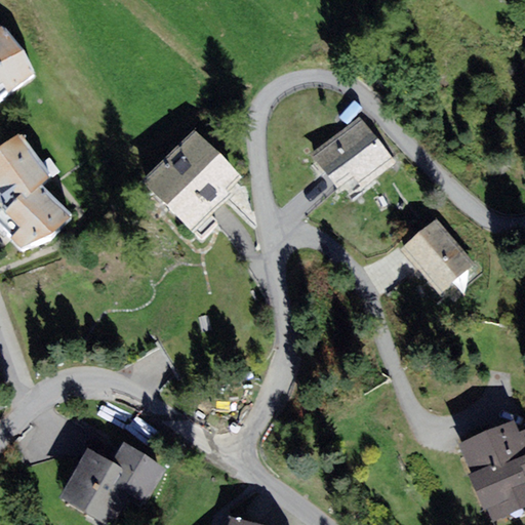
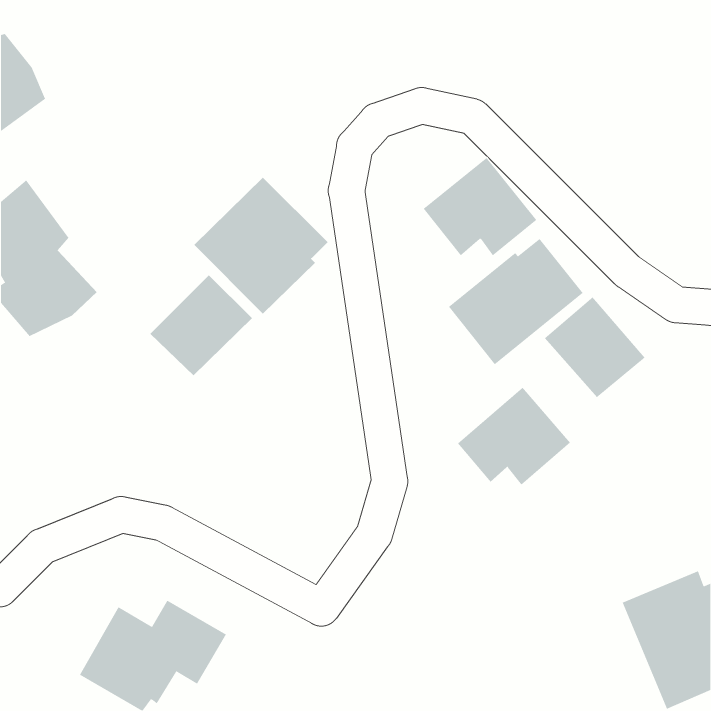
building: none -> [448,238,583,365]
building: none -> [150,275,253,376]
building: none -> [457,387,571,486]

